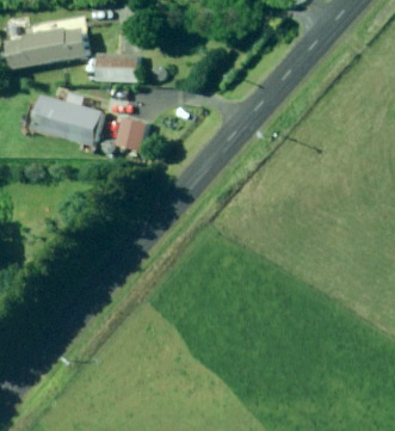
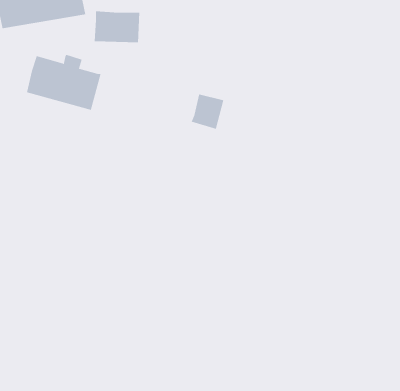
building: [113,118,144,152] -> [191,94,224,130]

